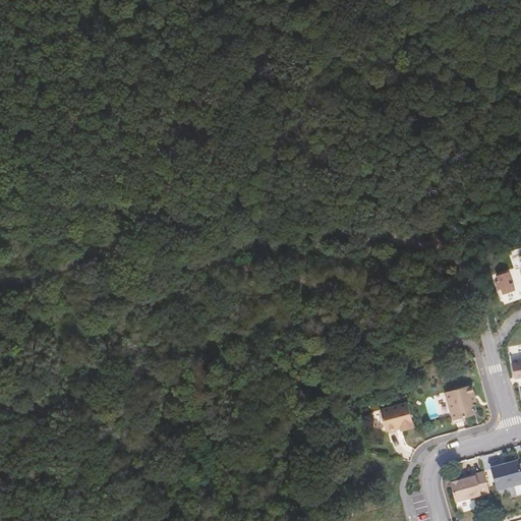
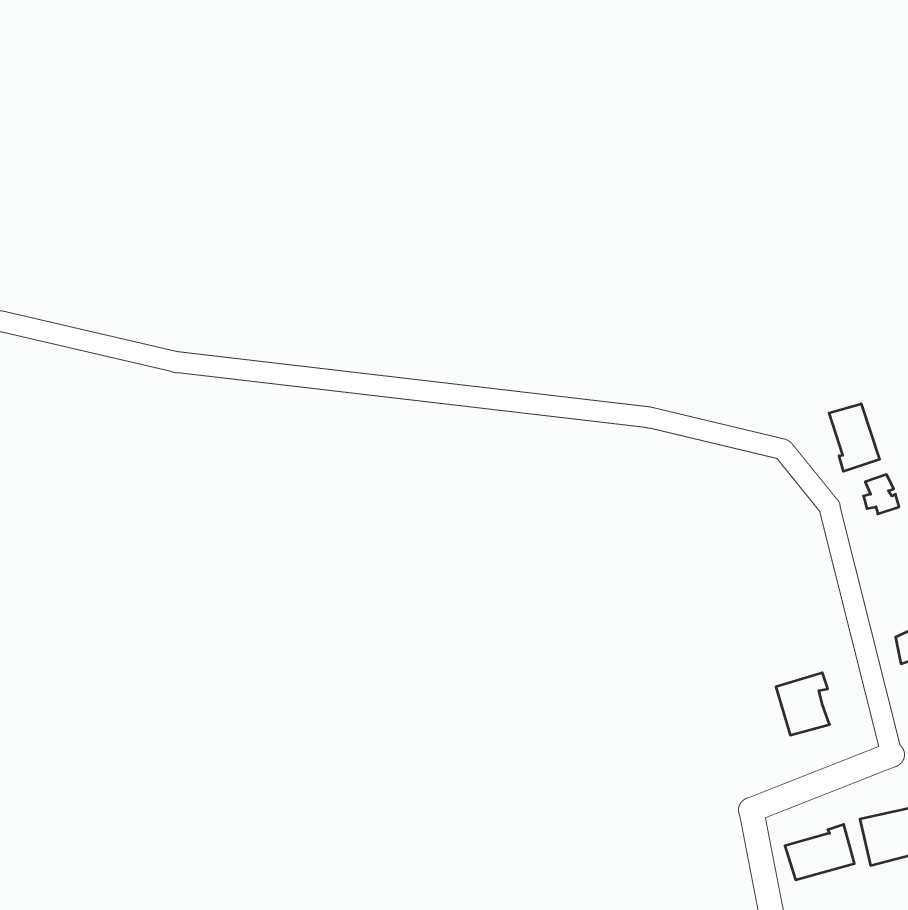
building: none -> [829,404,880,471]
building: [380,402,412,429] -> none

